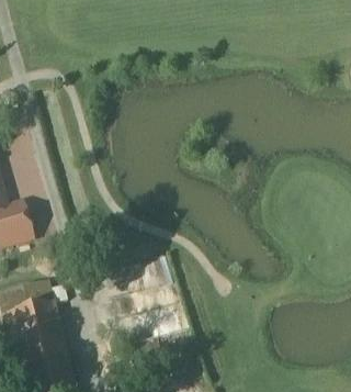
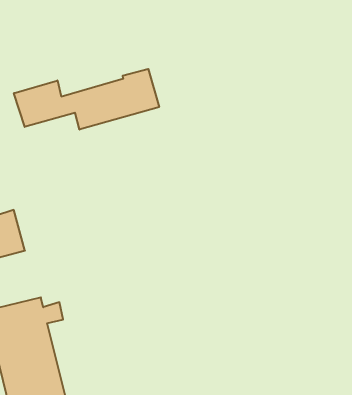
building: none -> [14,69,159,130]

